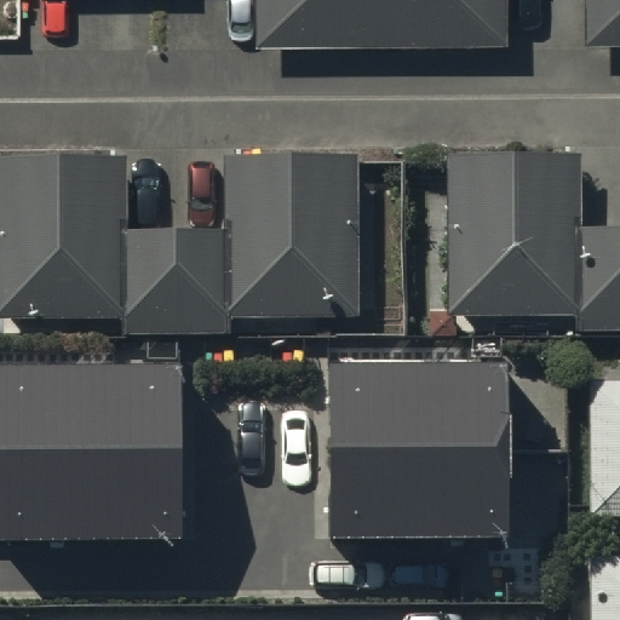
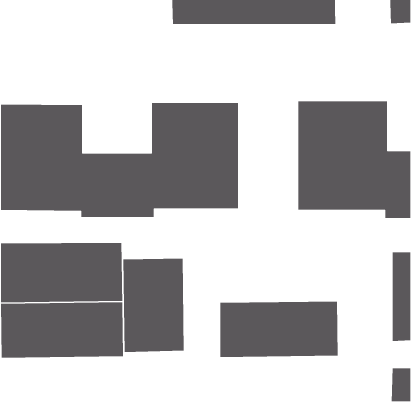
building: [329,363,509,455] -> none
building: none -> [123,258,185,353]

